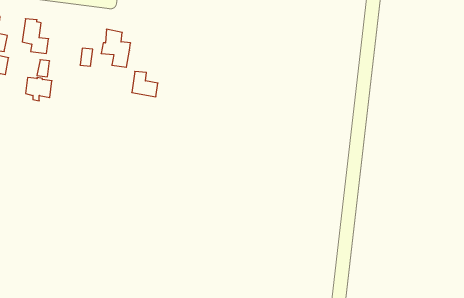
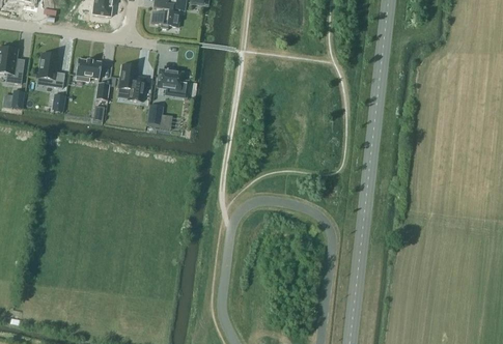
building: none -> [158,68,188,97]
building: [26,78,52,101] -> [75,59,101,82]

